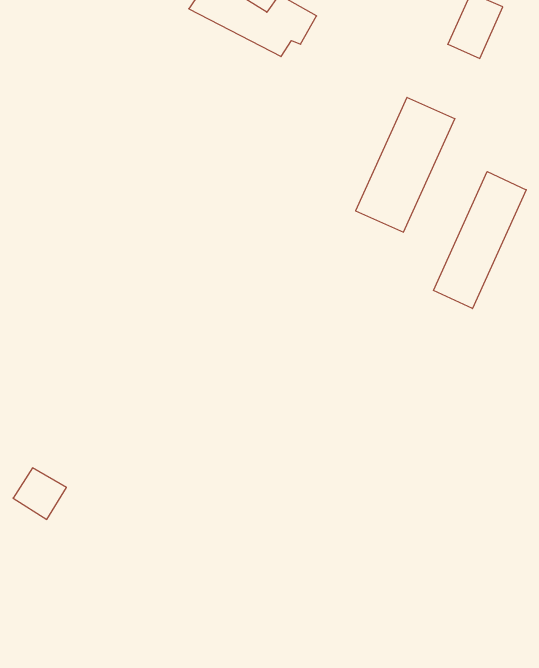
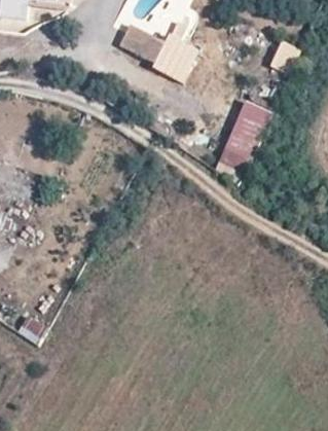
building: [433,172,526,309] -> none

